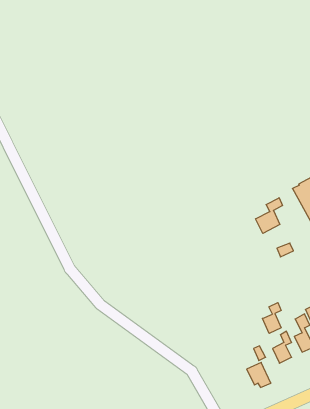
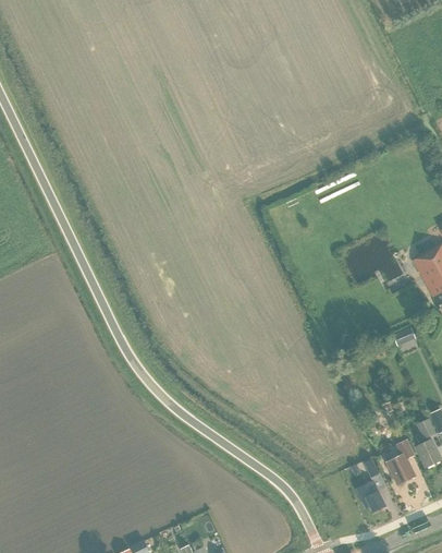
building: [256,198,282,233] -> none
building: [262,303,281,333] -> none

